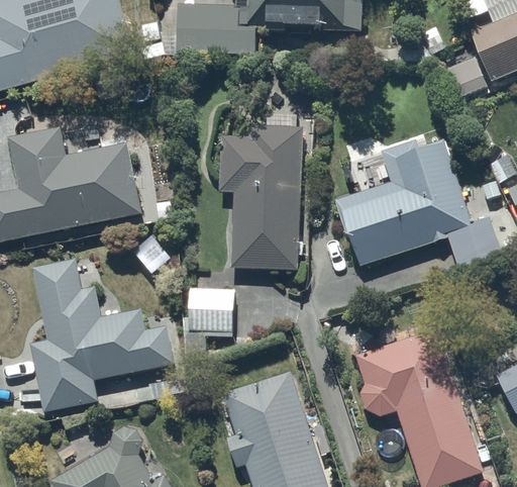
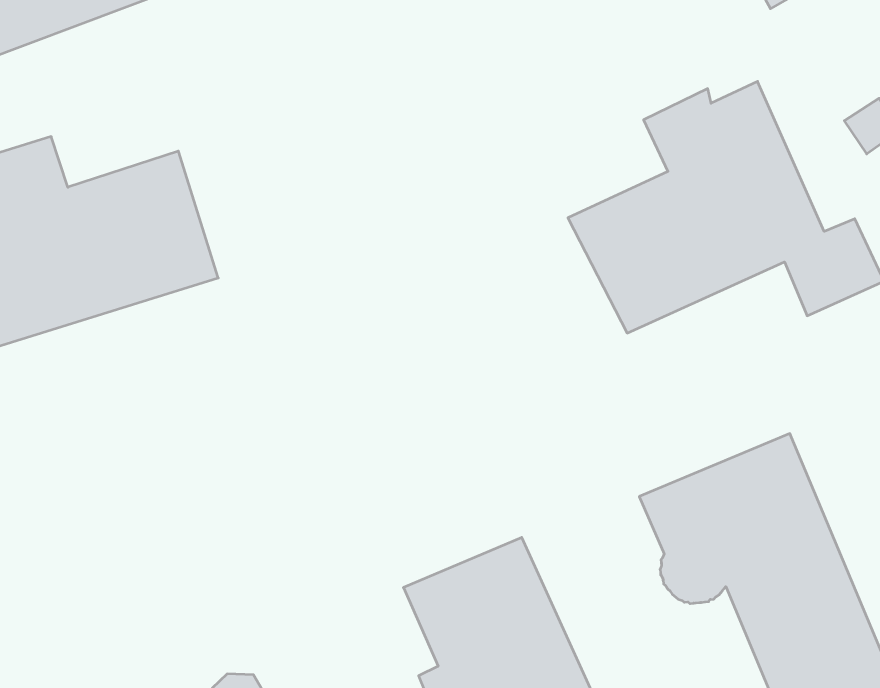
building: [218,113,302,269] -> none
building: [30,258,175,413] -> none
building: [189,288,235,330] -> none

